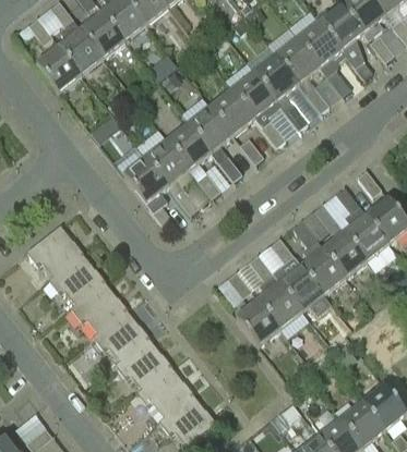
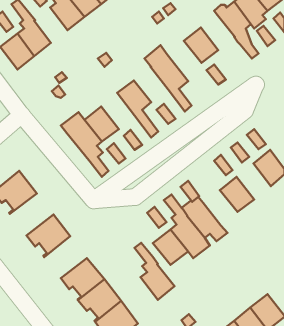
building: [288,10,350,95] -> none
building: [79,11,122,57] -> none
building: [252,54,307,129] -> none
building: [208,88,253,134] -> none
building: [166,122,210,169] -> none
building: [343,213,387,260] -> none
building: [291,220,344,294] -> [134,243,175,300]
building: [47,253,104,307] -> none
building: [92,308,147,363] -> none

